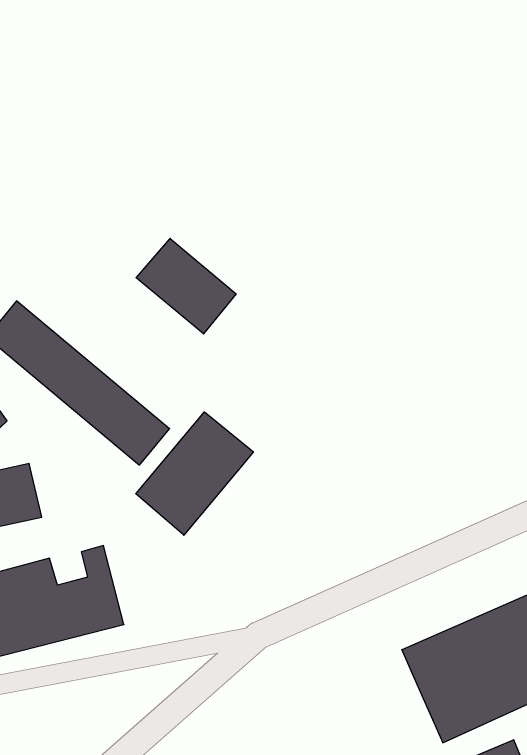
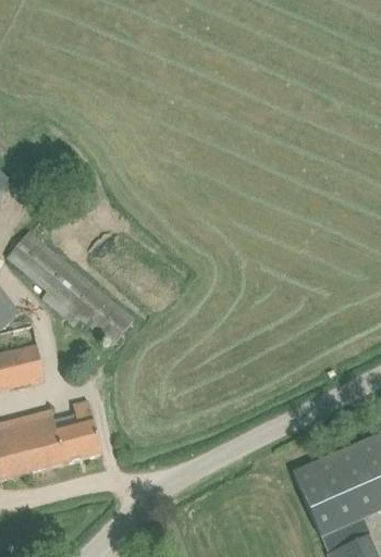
building: [136,238,236,334] -> none
building: [136,412,253,535] -> none

